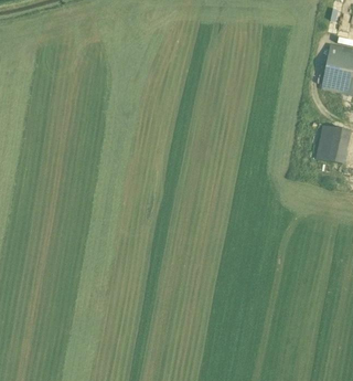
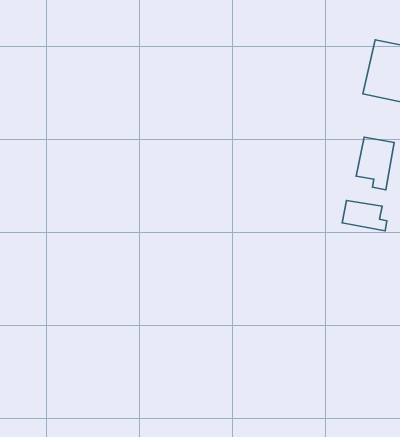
building: none -> [342,200,387,231]

